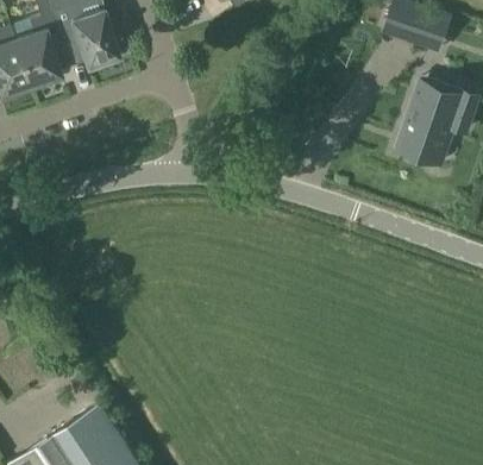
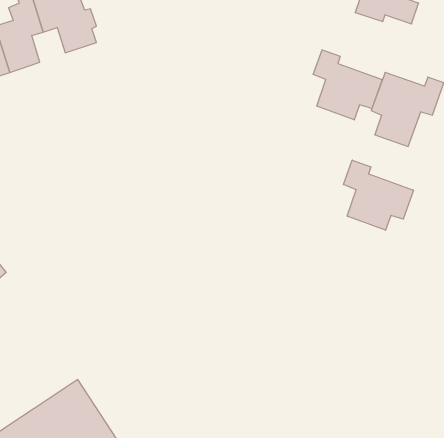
building: none -> [313,50,382,120]
building: none -> [343,160,413,230]

